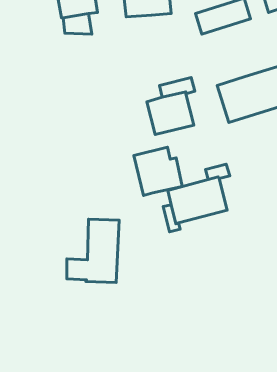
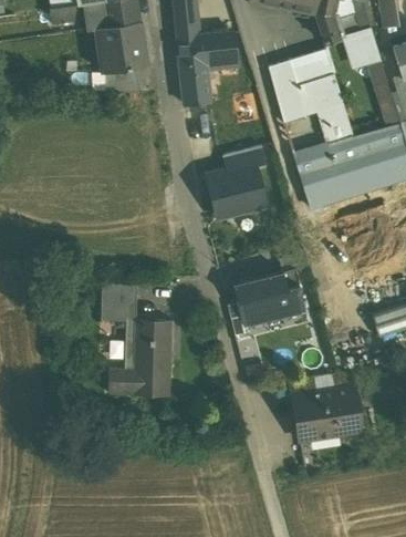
building: none -> [181,70,214,104]
building: none -> [274,74,353,145]
building: [134,147,182,196] -> none
building: none -> [101,283,127,322]
building: none -> [292,386,361,440]

